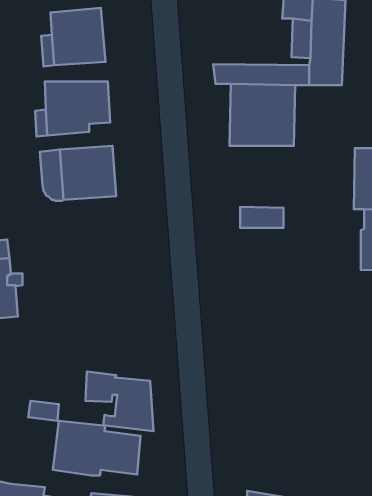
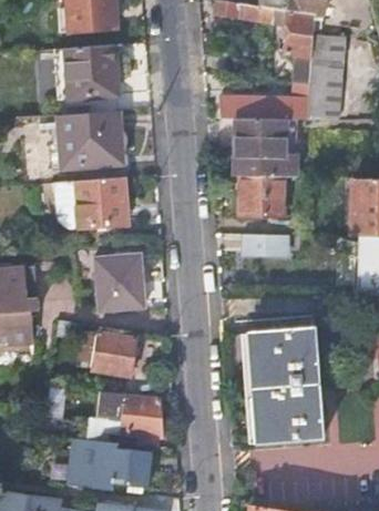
building: none -> [239,176,285,214]
building: none -> [96,256,144,309]
building: none -> [246,327,320,442]
building: none -> [86,330,137,394]

